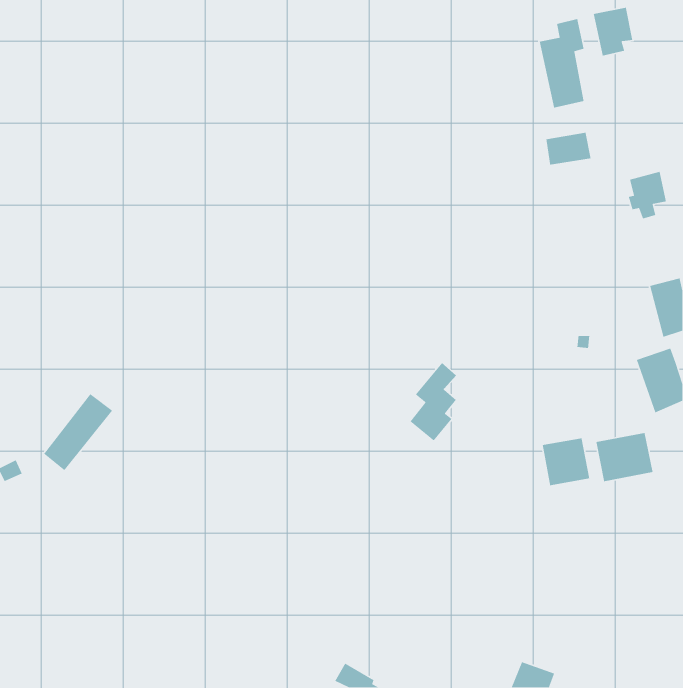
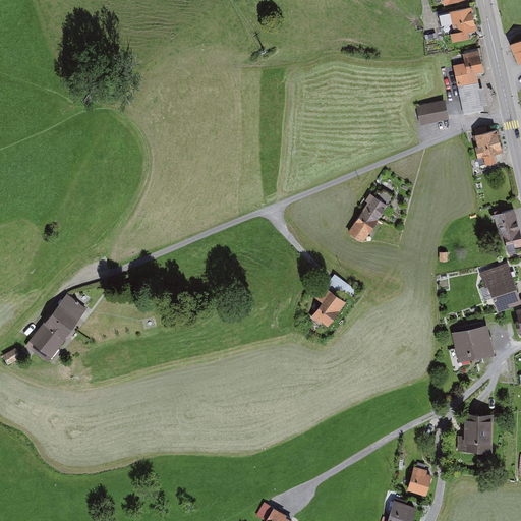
building: [539,18,584,108] -> [449,48,483,116]
building: none -> [348,194,387,242]
building: [542,437,590,486] -> none
building: none -> [460,412,493,453]
building: none -> [406,466,433,496]

